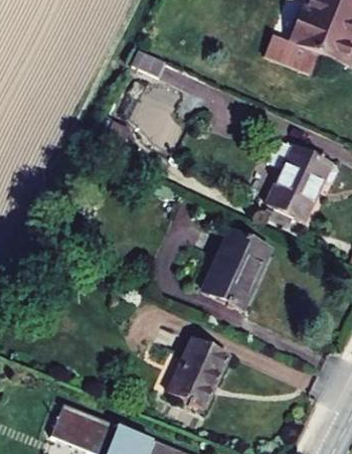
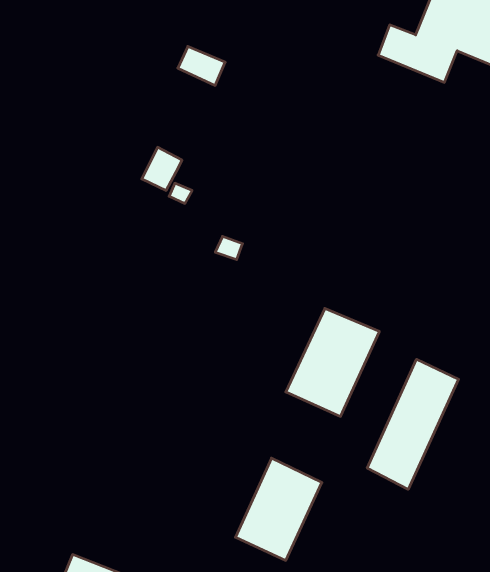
building: [267,139,338,220] -> none
building: none -> [367,359,459,489]

